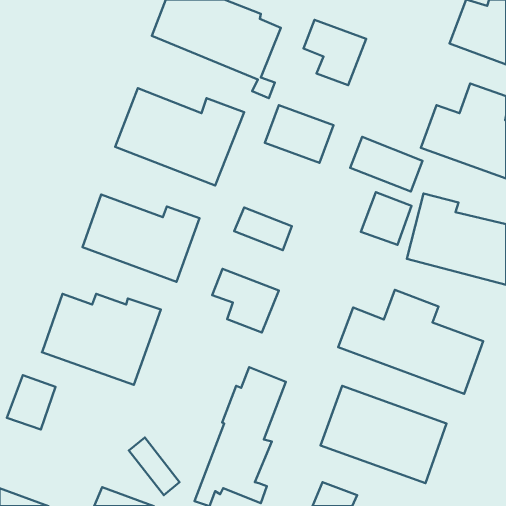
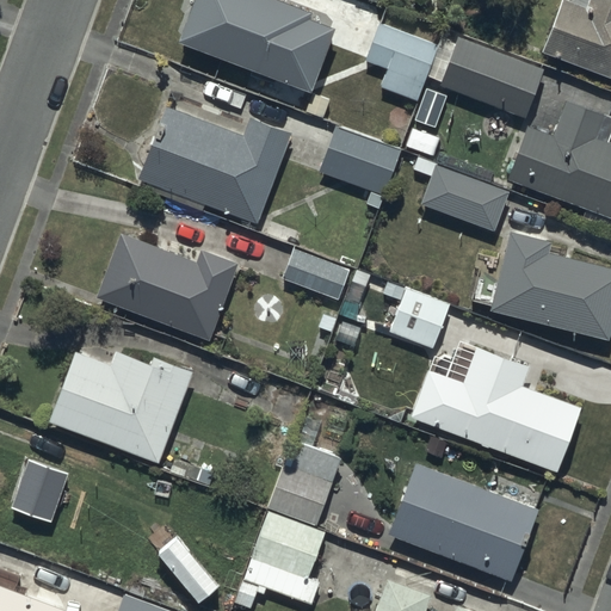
building: none -> [437,36,544,119]
building: [361,192,411,245] -> [388,285,449,348]
building: [212,269,279,332] -> none

